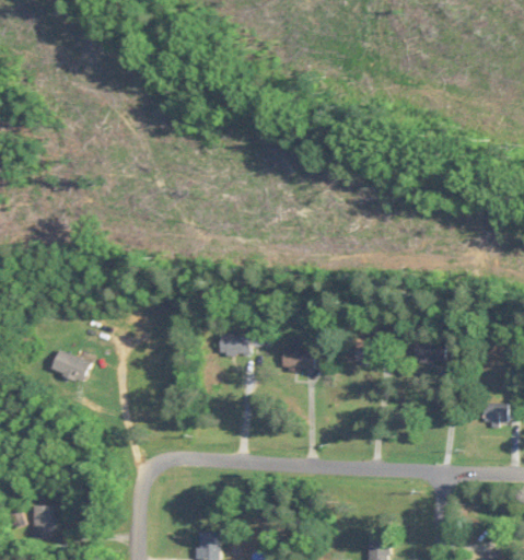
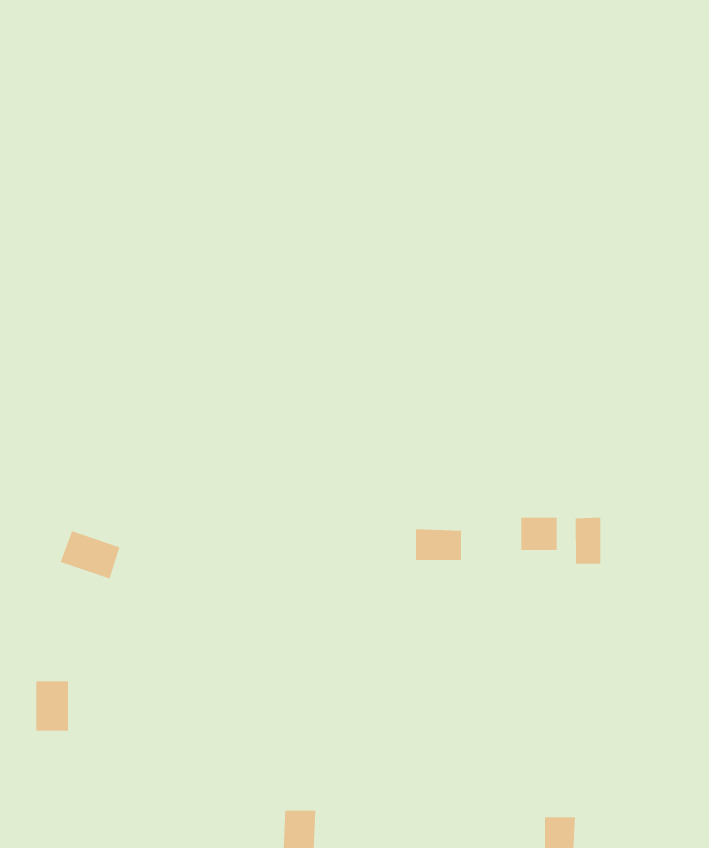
building: [219,334,259,354] -> none
building: none -> [575,517,601,565]
building: [32,504,54,537] -> [35,681,69,731]

